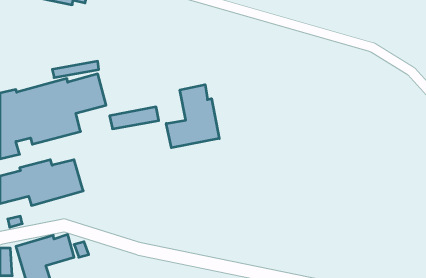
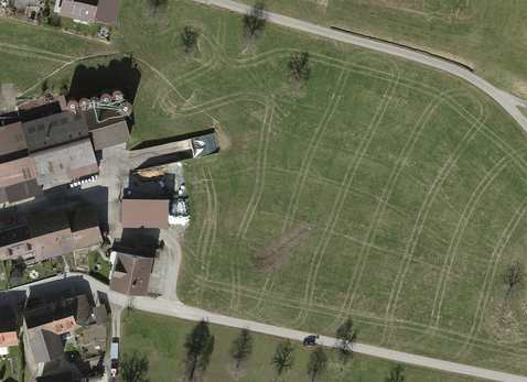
building: [166,85,219,148] -> none
building: none -> [119,196,168,228]
building: none -> [109,251,151,296]

